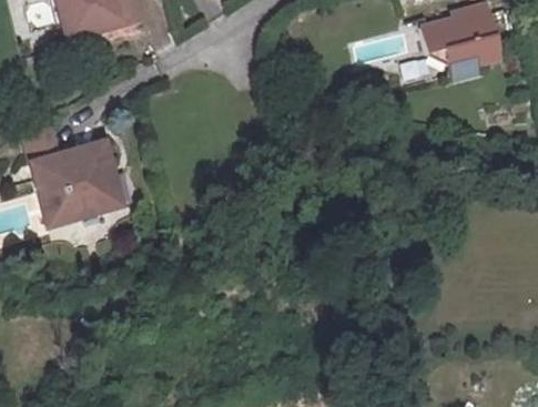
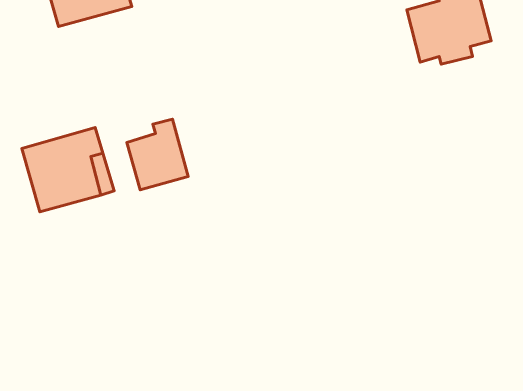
building: none -> [127,119,188,190]

